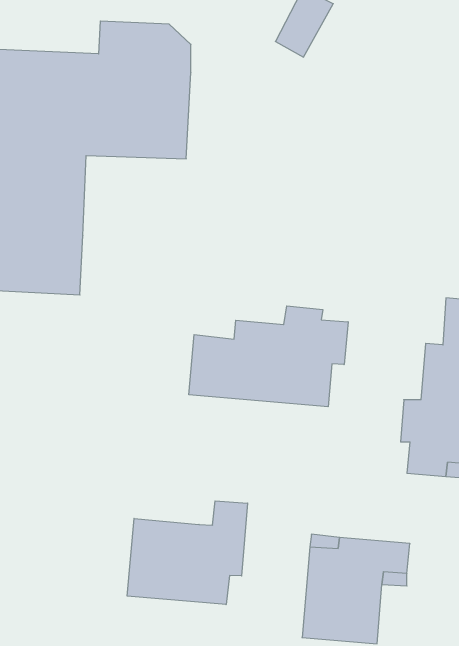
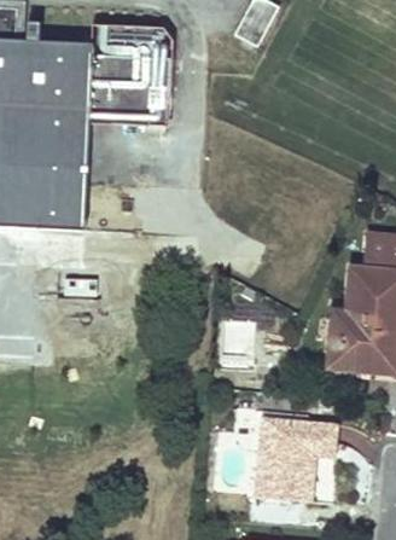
building: [189,306,348,407] -> none
building: [127,501,248,605] -> none

